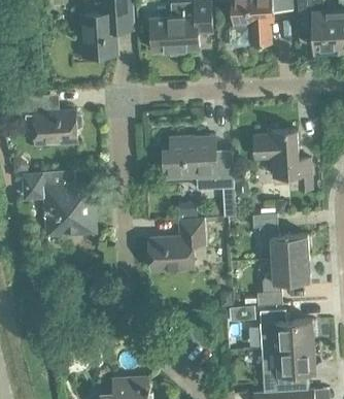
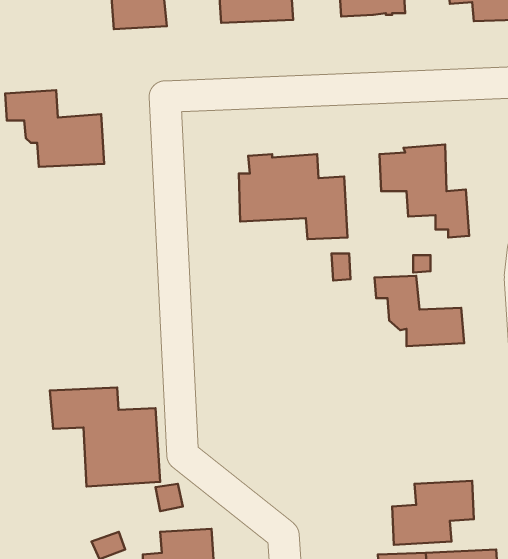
building: [24,171,95,235] -> [50,387,160,487]
building: [149,219,207,270] -> none
building: [256,258,310,306] -> none
building: [259,311,314,348] -> none

